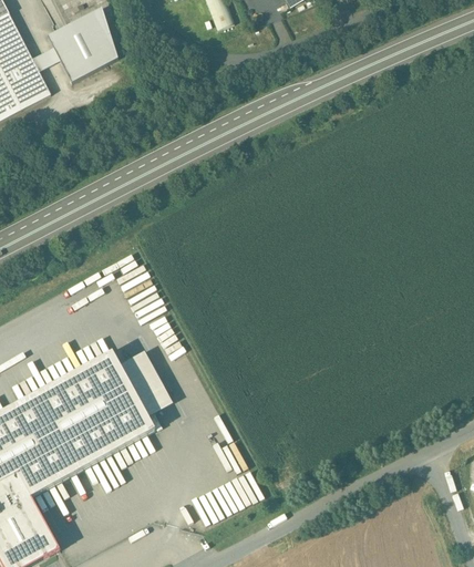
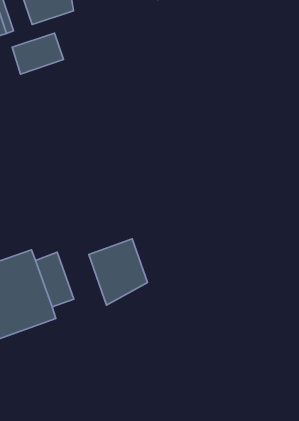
building: none -> [12,33,63,74]
building: none -> [89,239,148,305]

